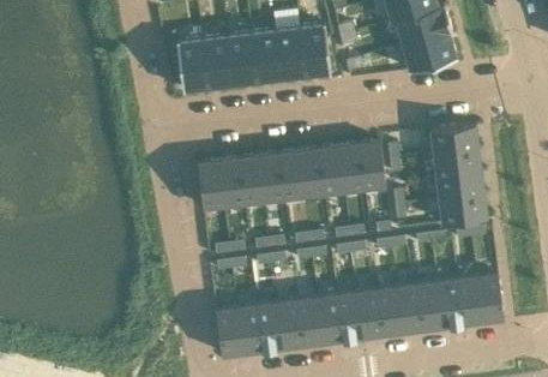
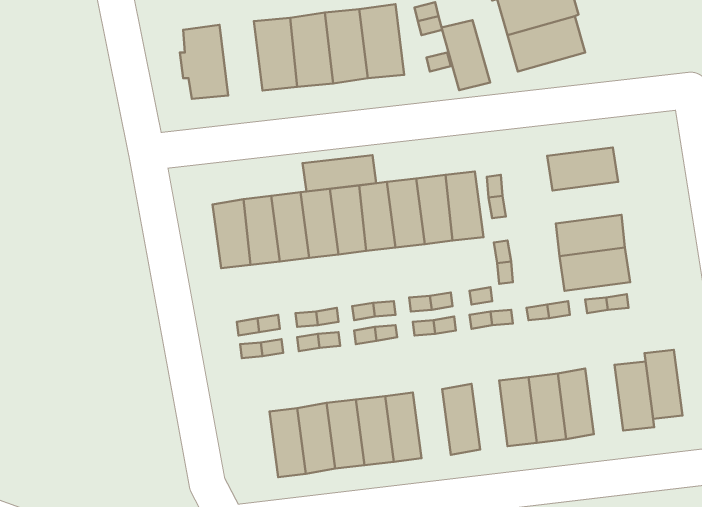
building: none -> [441,20,490,90]
building: [201,36,231,88] -> none
building: none -> [303,155,376,191]
building: [433,148,481,176] -> none
building: [456,275,482,323] -> [645,350,683,419]
building: [377,286,402,334] -> none
building: [336,292,362,340] -> none
building: [216,307,242,355] -> none

